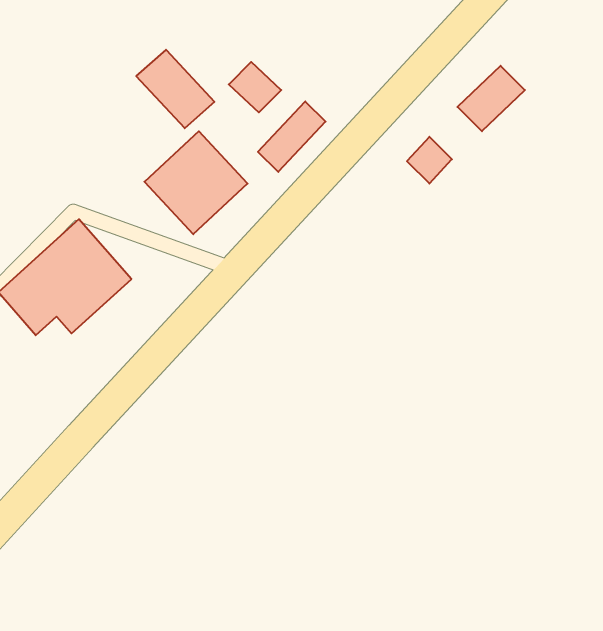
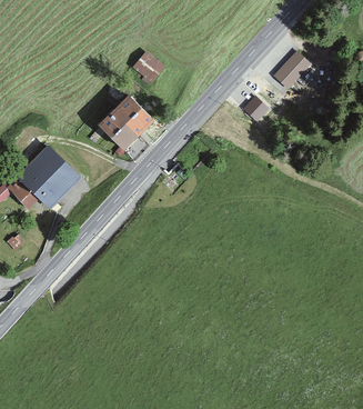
building: [136,50,214,128] -> none
building: [258,101,326,172] -> none

